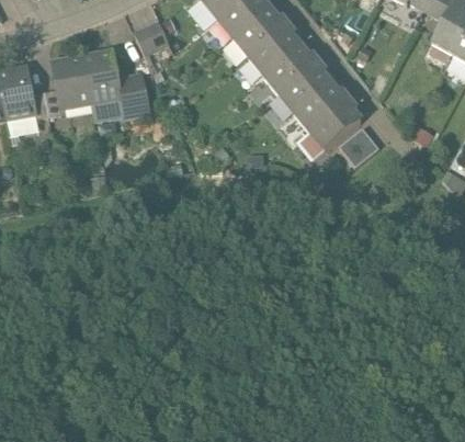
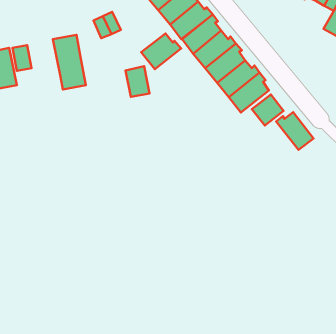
building: none -> [141,34,181,69]
building: [52,55,91,109] -> none
building: [117,75,148,114] -> [126,66,149,97]
building: none -> [276,112,313,150]

